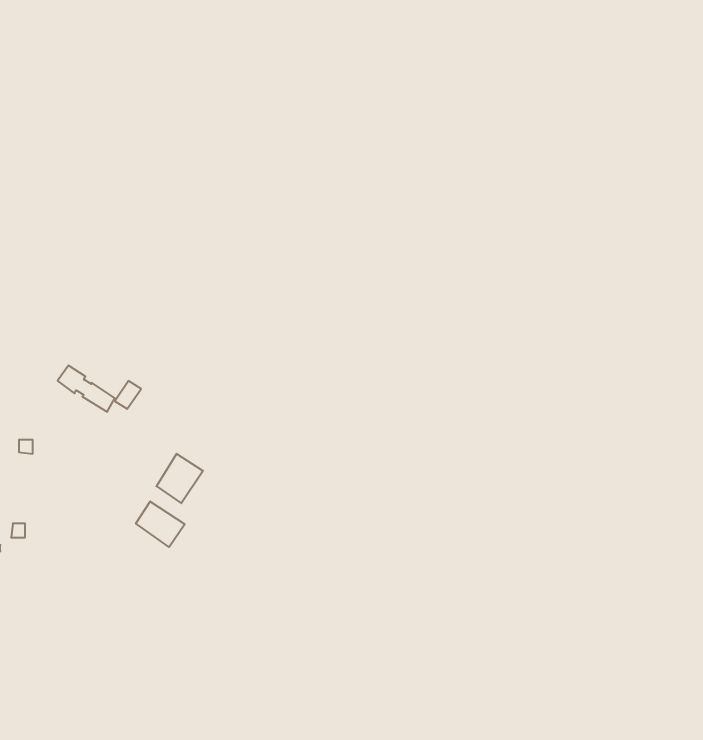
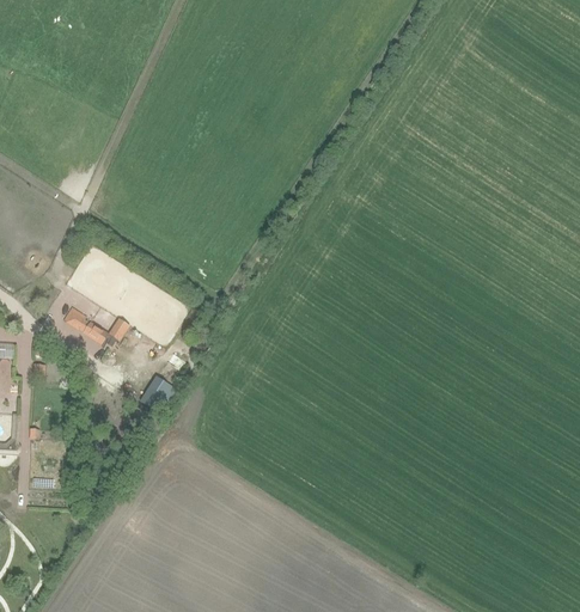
building: [136,501,185,547] -> none

